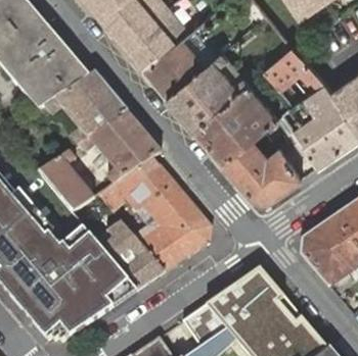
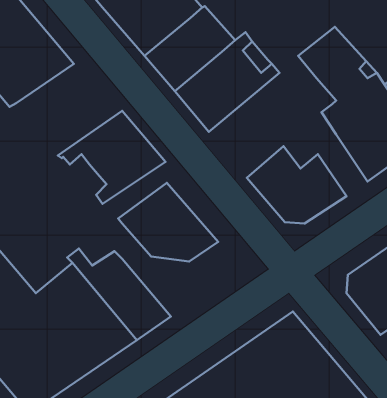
building: [45,72,128,147] -> none
building: [195,83,280,164] -> none
building: [40,151,94,212] -> none
building: [100,152,163,210] -> none
building: [128,214,213,272] -> none

